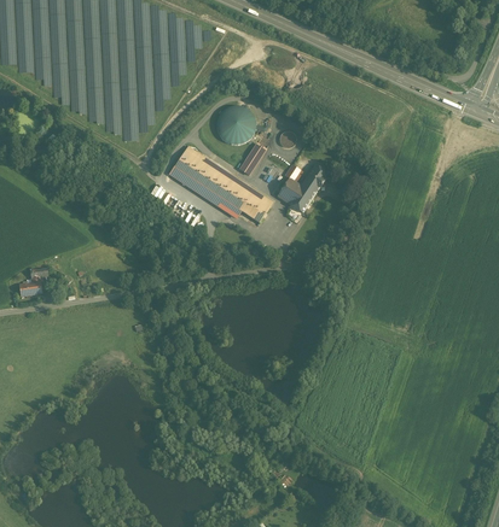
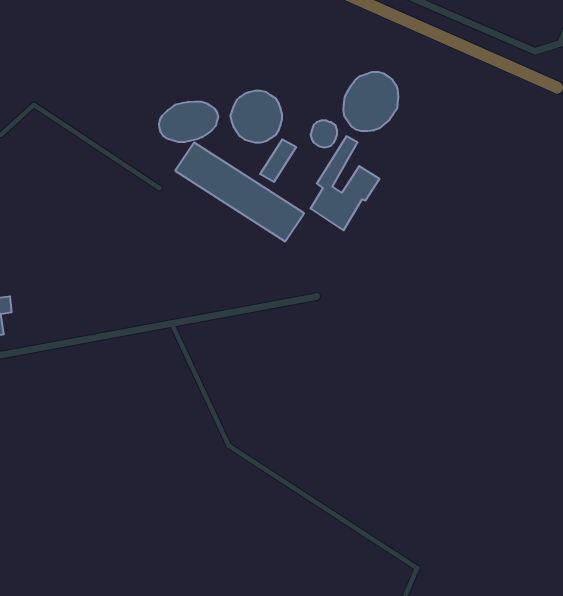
building: none -> [343,72,398,131]
building: none -> [159,102,218,142]

